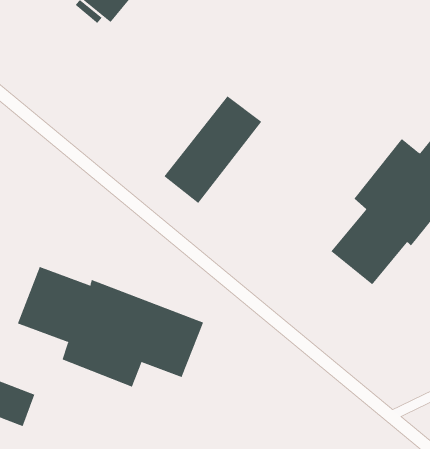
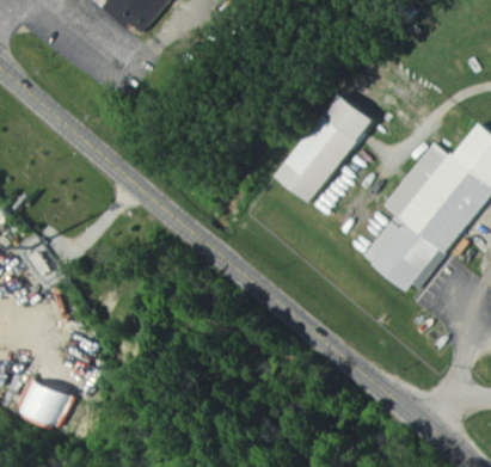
building: [164,95,262,204] -> [277,94,375,202]
building: [17,266,204,388] -> none

